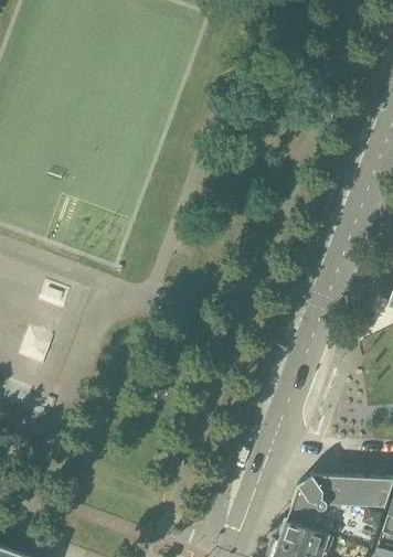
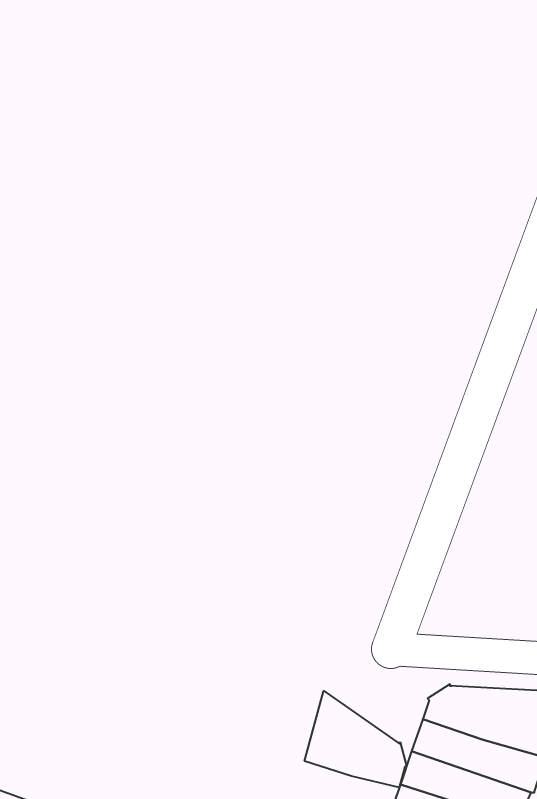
building: none -> [305,691,407,787]

